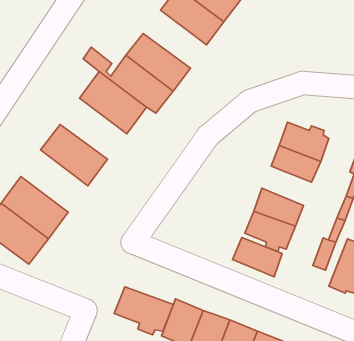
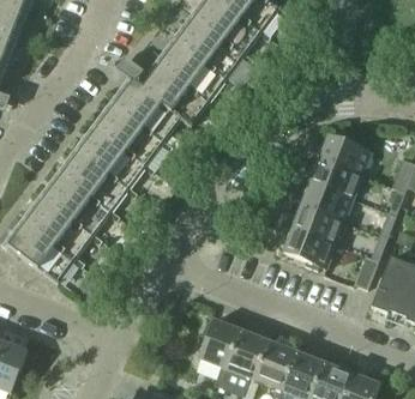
building: none -> [178,18,243,78]
building: none -> [91,109,161,173]
building: none -> [50,163,120,228]
building: [232,237,282,277] -> [301,180,353,220]
building: [114,287,173,335] -> none

